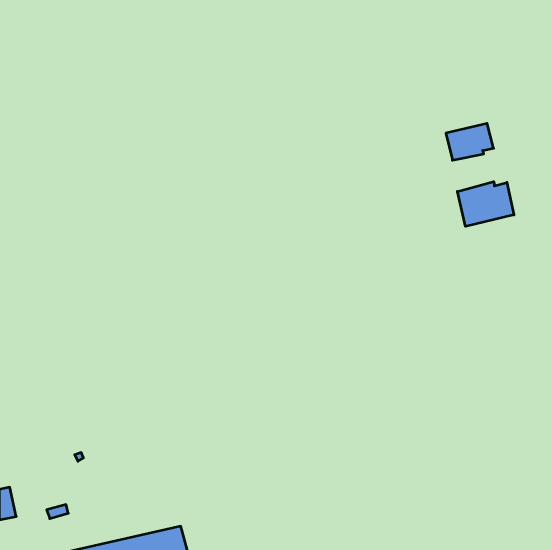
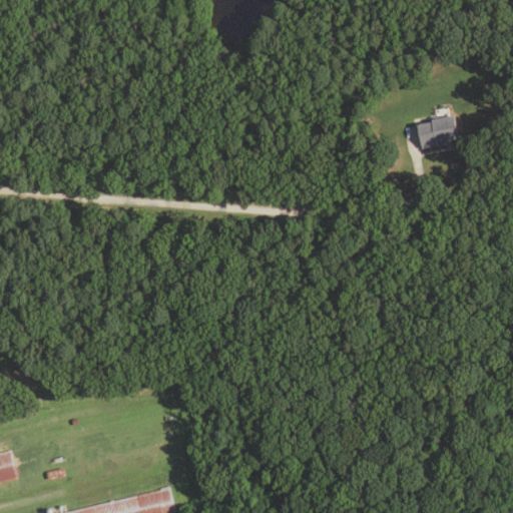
building: [457,182,514,226] -> none

